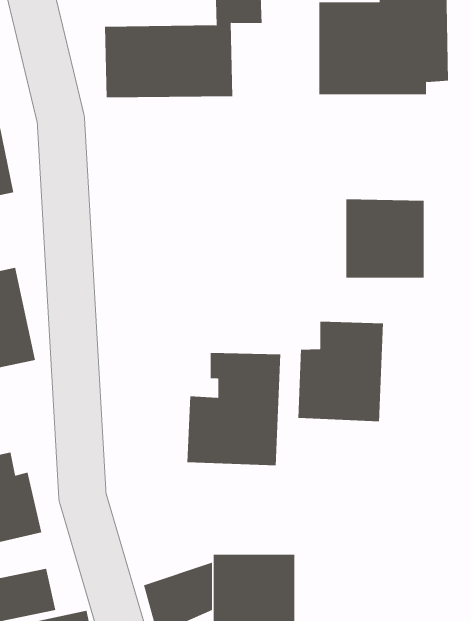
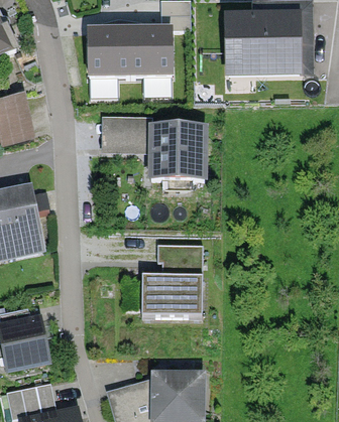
building: none -> [101,115,144,144]
building: [345,199,425,278] -> [150,125,202,176]
building: [298,321,384,422] -> none

